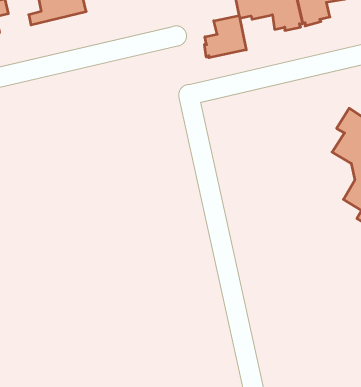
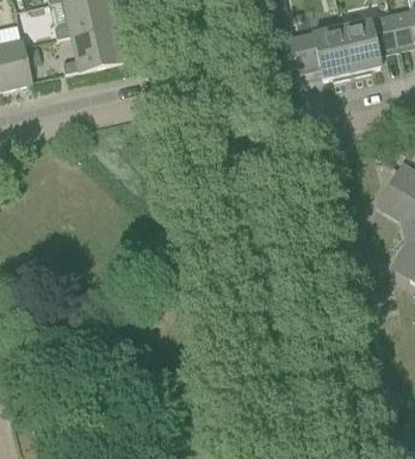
building: [205,15,246,58] -> none

